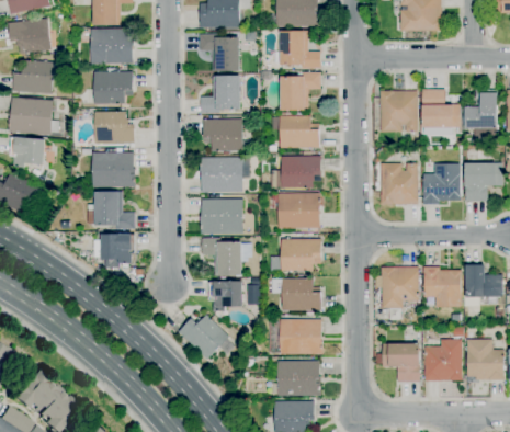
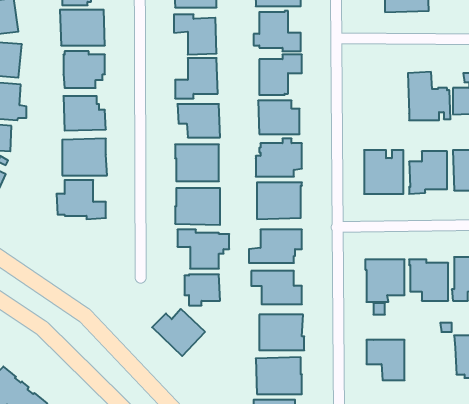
building: [381,91,418,133] -> none
building: [94,235,135,268] -> none
building: [424,340,462,382] -> none

